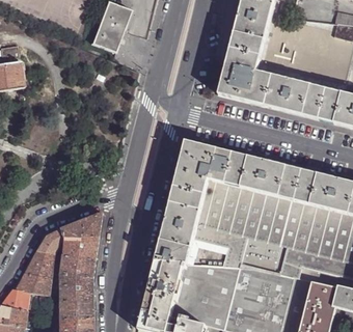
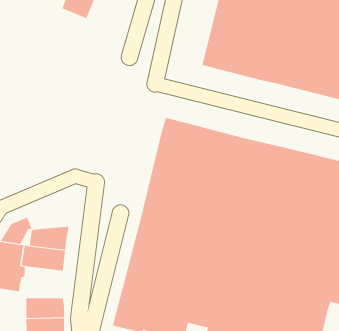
building: [61,213,103,240] -> none
building: [59,273,93,301] -> none

